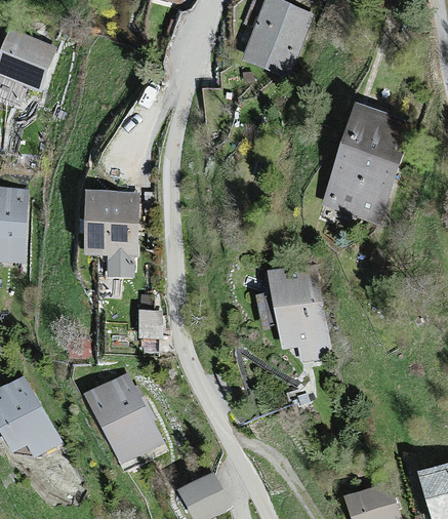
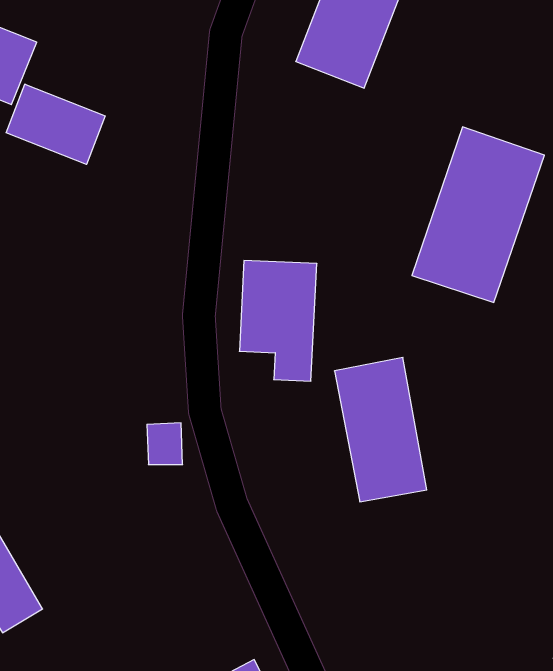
building: none -> [6,84,105,164]
building: [81,195,134,278] -> [239,261,317,381]
building: [87,371,167,466] -> none

